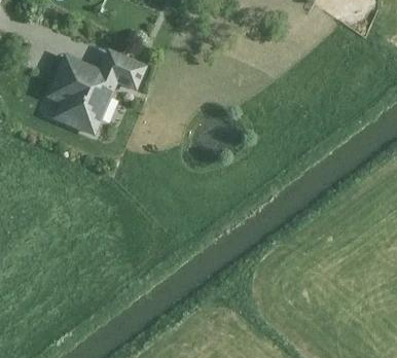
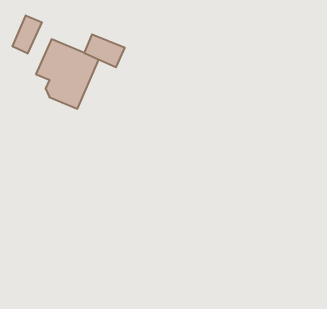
building: none -> [13,15,42,54]

